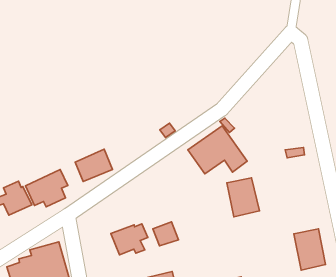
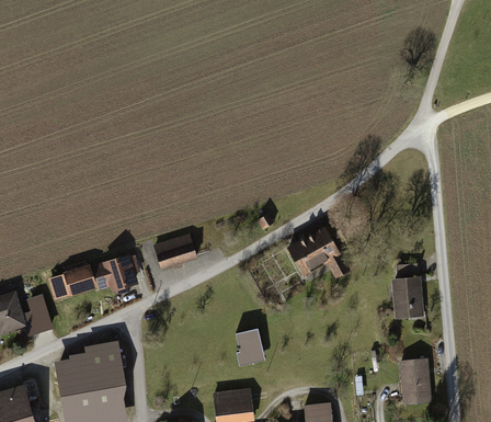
building: [227,178,259,217] -> [390,277,424,320]
building: [111,224,148,255] -> none

